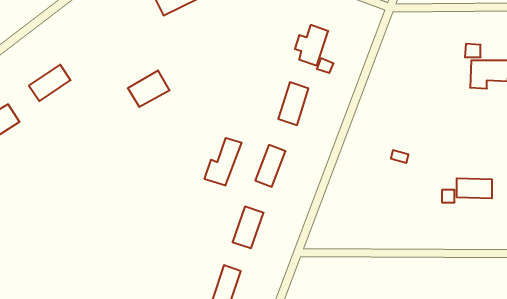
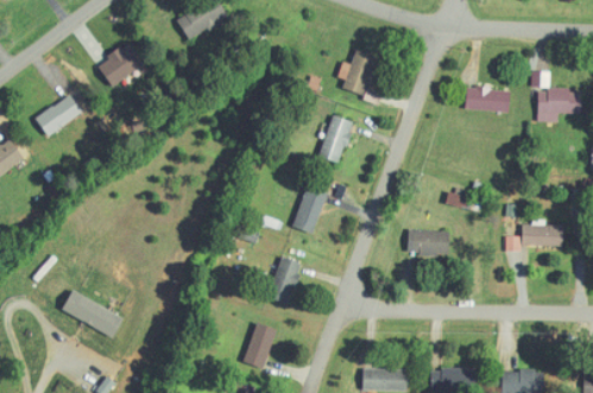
building: none -> [463,87,510,113]
building: [128,70,170,107] -> [96,44,144,85]
building: [205,138,242,186] -> none
building: none -> [406,229,449,256]
building: none -> [62,290,122,338]

